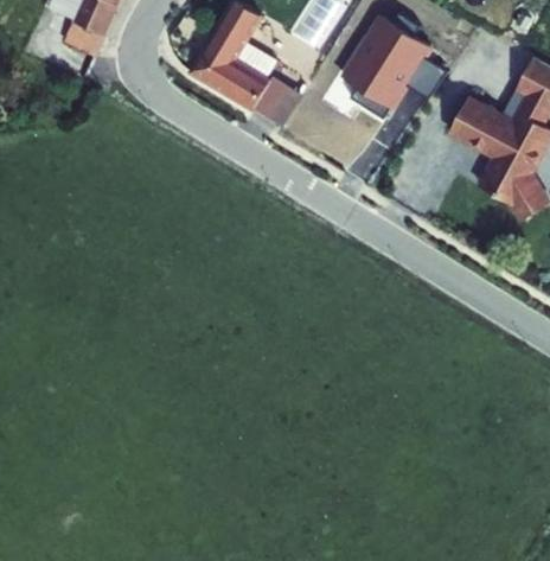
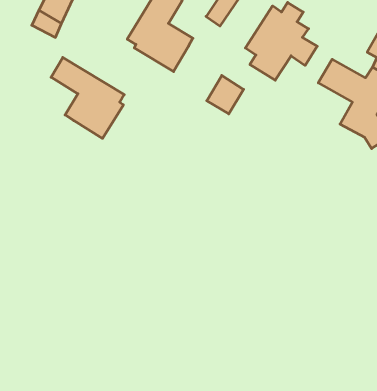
building: [251,75,301,127] -> [207,75,244,114]
building: none -> [51,57,124,138]

